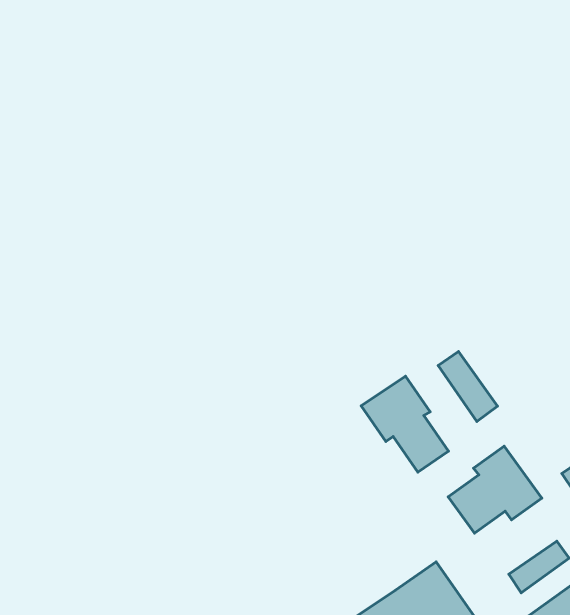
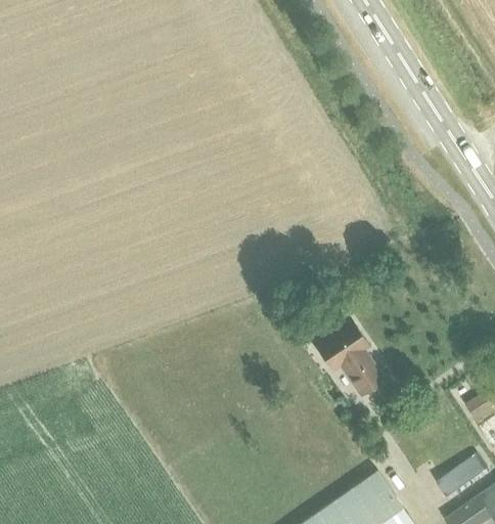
building: [438,352,497,422] -> none
building: [448,446,542,533] -> none

